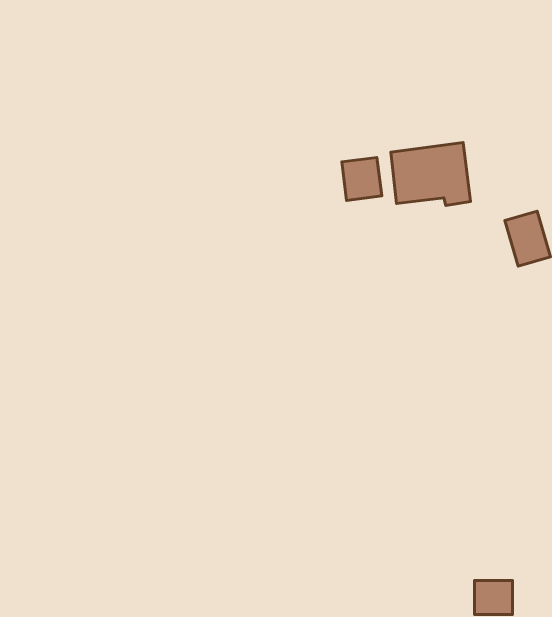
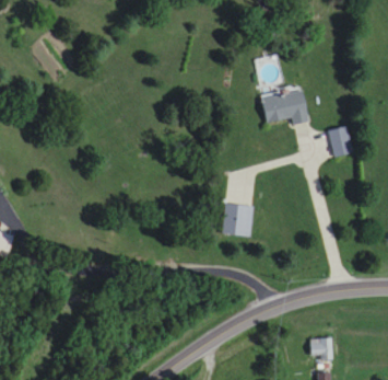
building: [342,157,382,200] -> none
building: none -> [222,203,254,235]

